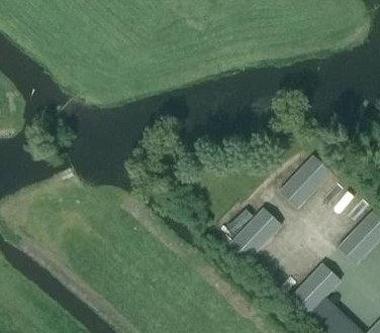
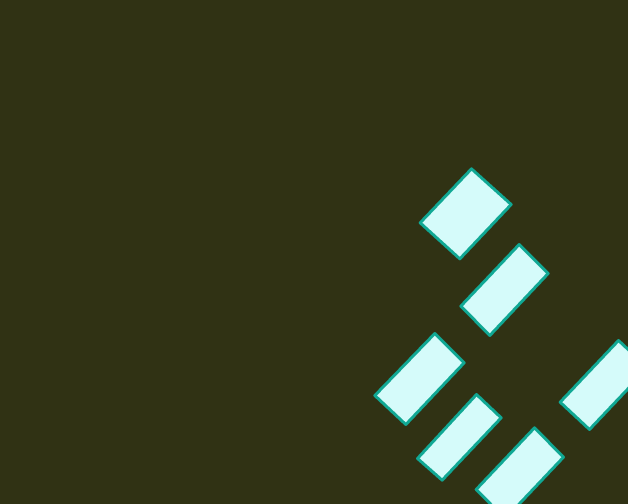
building: none -> [420,169,511,259]
building: none -> [417,395,501,480]

